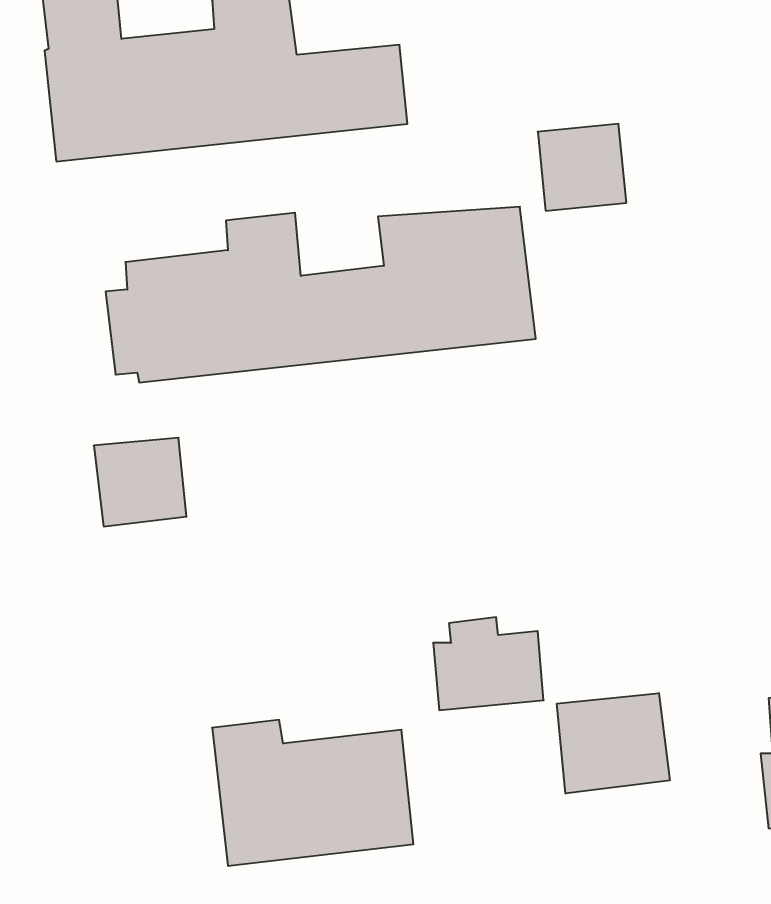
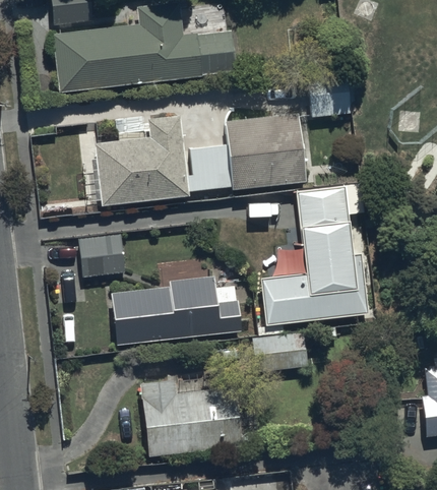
building: none -> [259,183,367,325]
building: none -> [110,279,243,346]
building: [557,693,670,794] -> none

